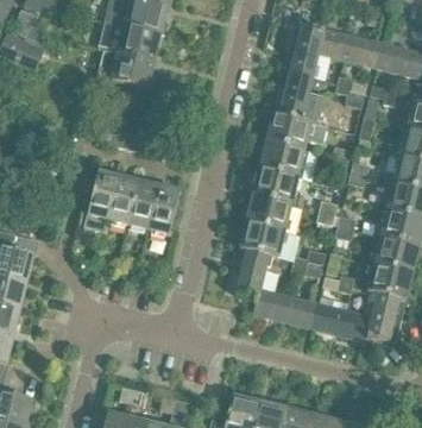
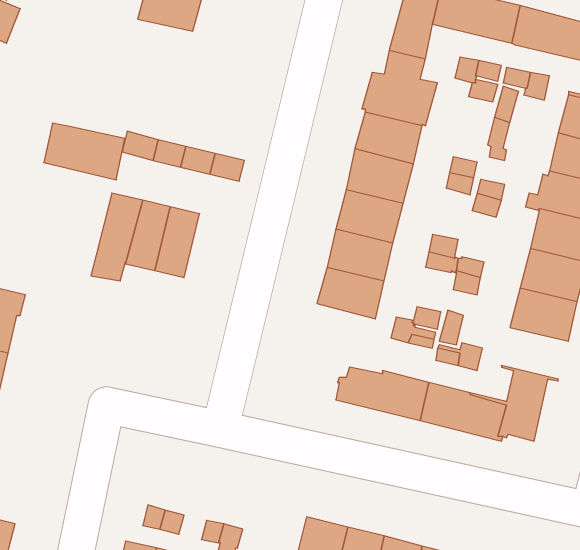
building: [99,48,155,87] -> [44,123,125,180]
building: [149,184,181,233] -> none
building: [237,246,285,297] -> none
building: [367,263,414,298] -> none

